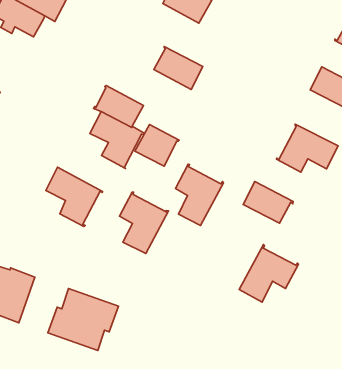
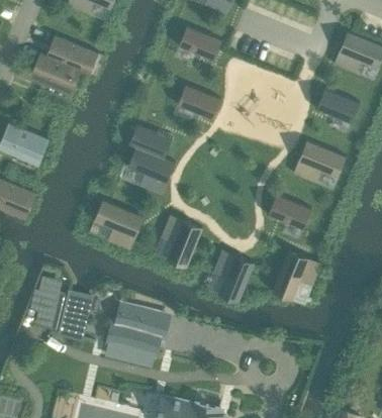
building: [135,124,179,166] -> none
building: [175,164,223,226] -> [213,250,255,303]

